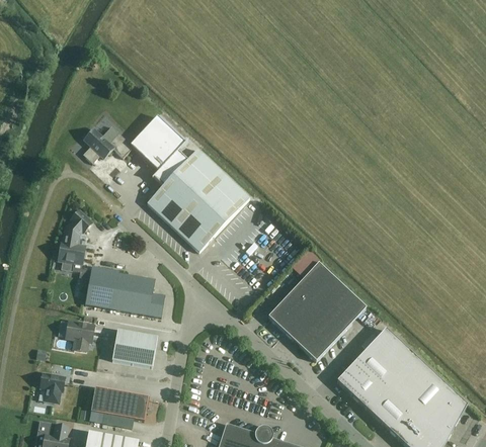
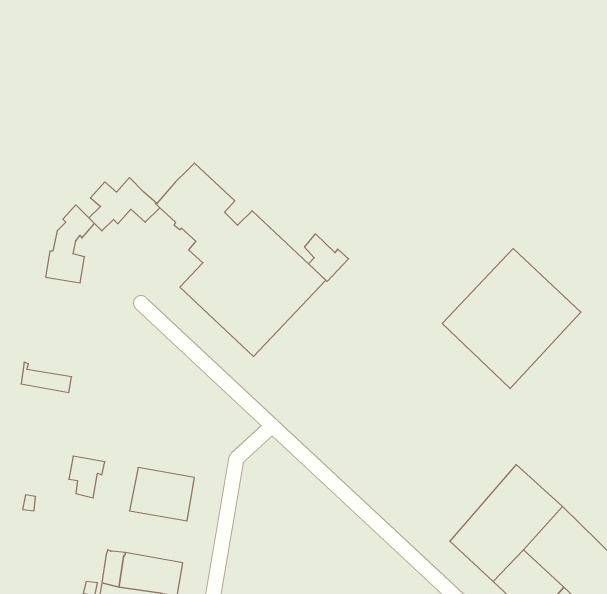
building: none -> [305,234,349,281]
building: [58,208,92,263] -> [46,205,95,283]
building: [268,263,366,361] -> [442,249,581,389]
building: [85,265,165,317] -> none
building: [39,371,65,399] -> none

